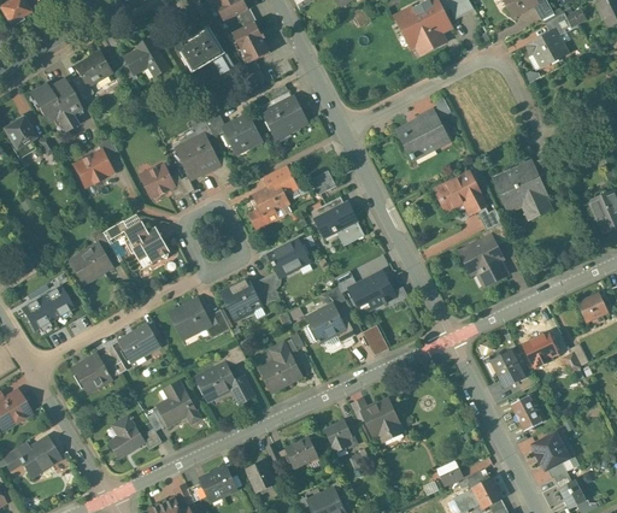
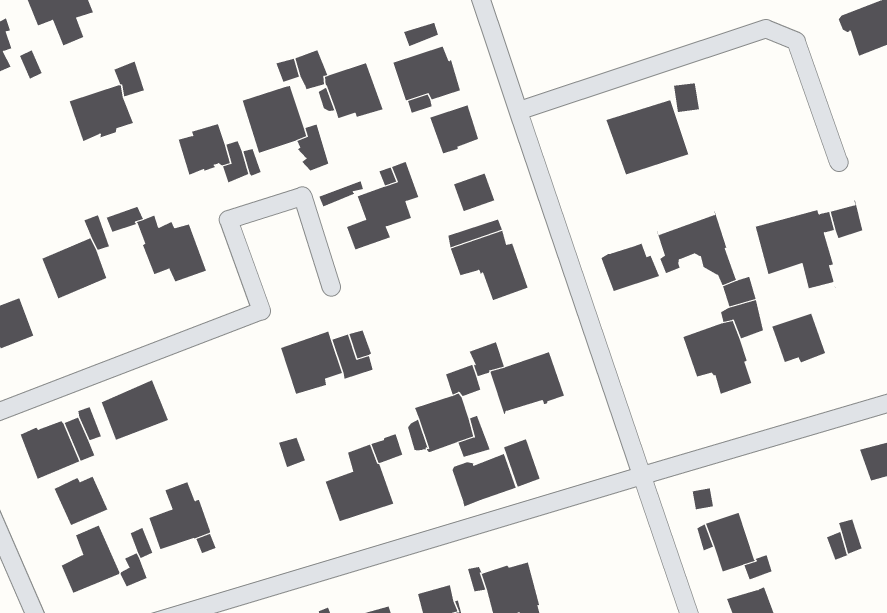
building: none -> [430,105,478,154]
building: none -> [601,243,660,292]
building: none -> [772,313,826,363]
building: [269,240,308,276] -> none
building: [169,299,230,337] -> none
building: [522,332,557,367] -> none
building: none -> [452,453,516,507]
building: [195,362,253,402] -> none
building: none -> [54,476,108,526]

